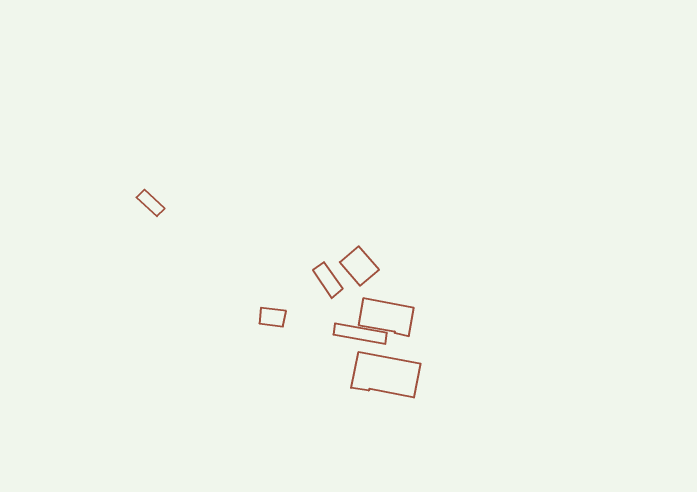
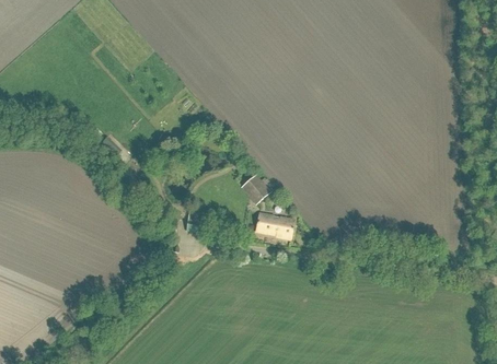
building: [351,352,421,398] -> none

